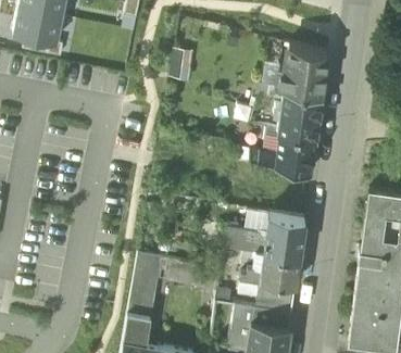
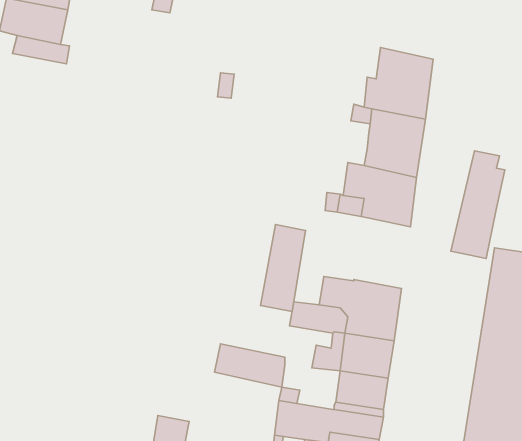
building: none -> [451,151,505,258]
building: [127,255,160,318] -> [261,225,306,311]

